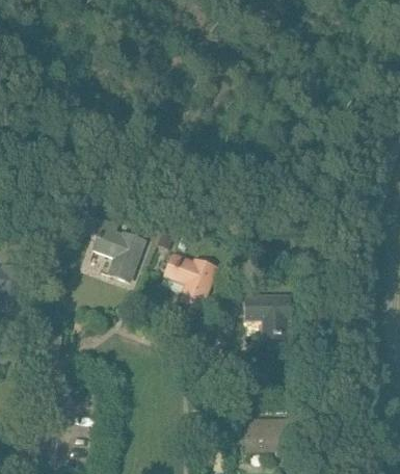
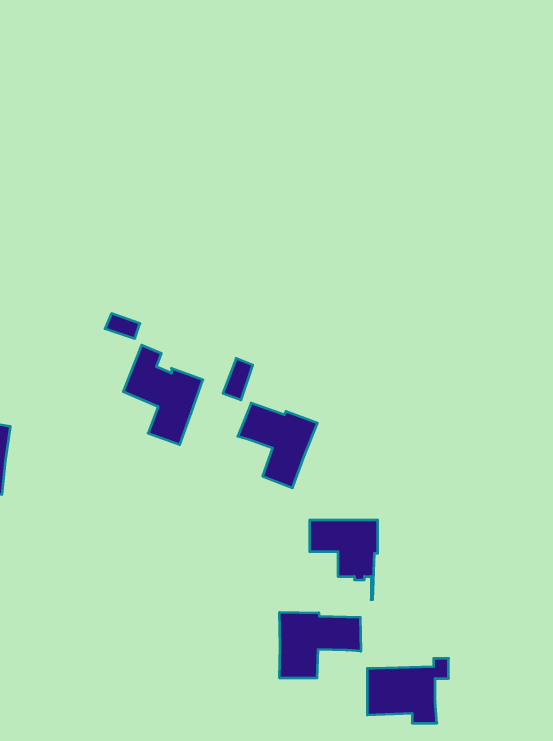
building: [246,297,289,347] -> [310,520,378,600]
building: none -> [280,612,361,678]

